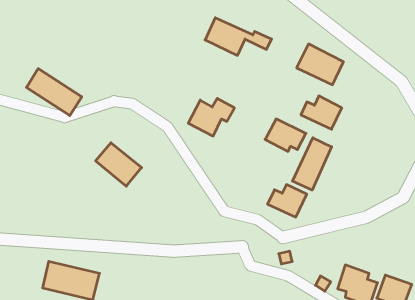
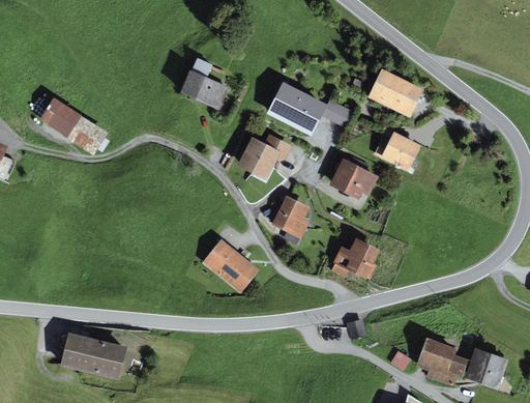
building: [205,18,272,55] -> [268,85,349,131]
building: none -> [179,58,228,109]
building: [292,138,332,190] -> none
building: [96,143,142,186] -> [202,240,258,293]
building: none -> [270,196,308,239]

